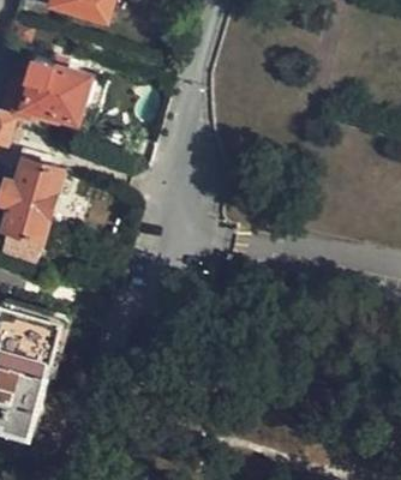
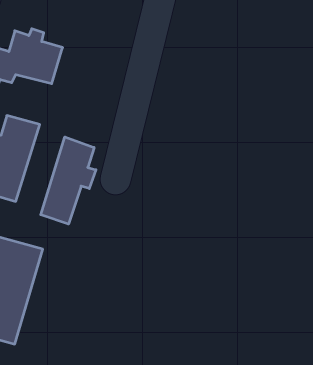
building: none -> [41,137,96,224]

